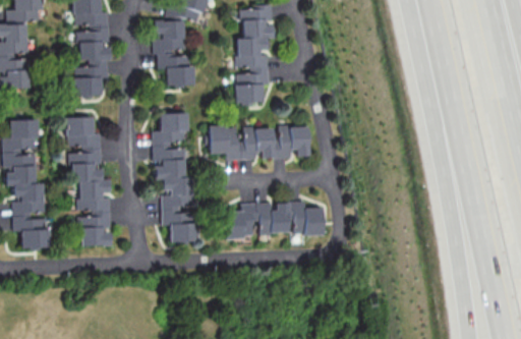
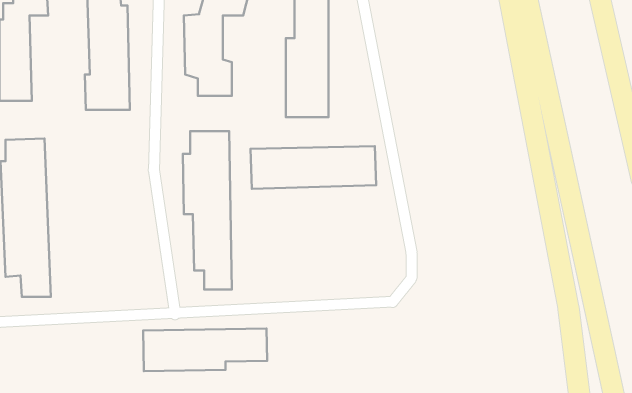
building: [66,116,110,245] -> none
building: [227,203,326,235] -> none
building: none -> [143,329,267,371]

